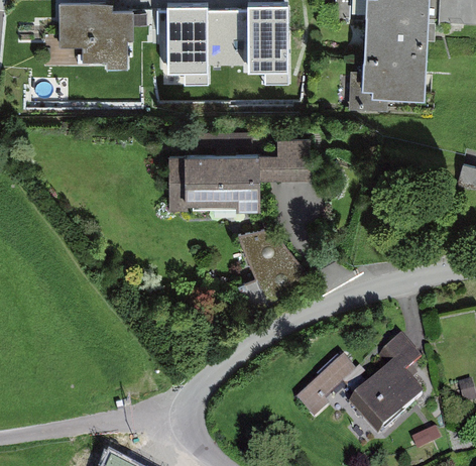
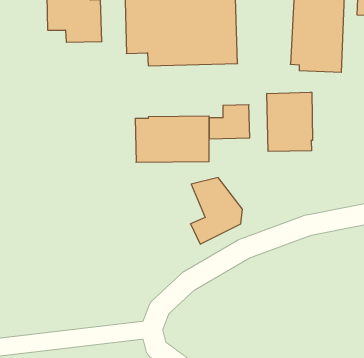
building: none -> [267,92,313,151]
building: [348,339,422,434] -> none
building: [293,356,354,420] -> none

